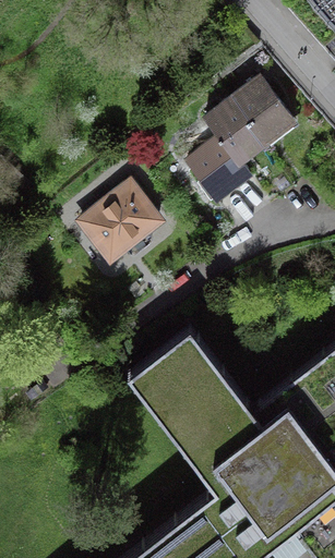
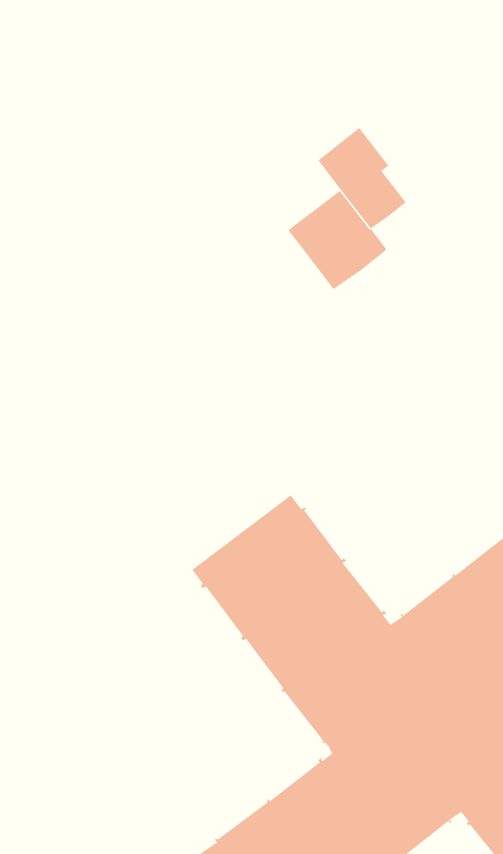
building: [234,82,295,149] -> none
building: [79,184,160,264] -> none

